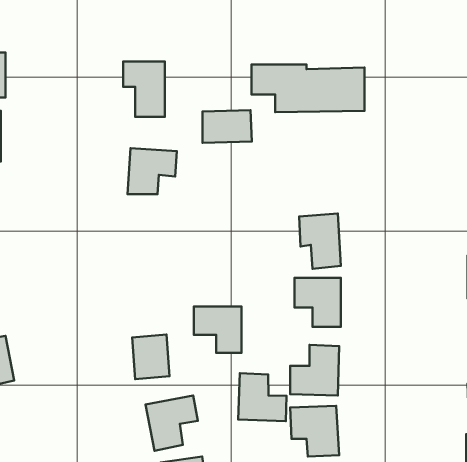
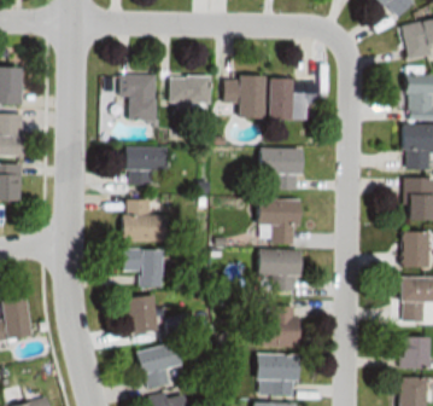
building: [203,110,252,143] -> [169,77,209,104]
building: none -> [263,149,300,190]
building: none -> [122,198,160,239]
building: [194,307,241,353] -> [122,249,160,286]
building: [238,373,286,421] -> none

